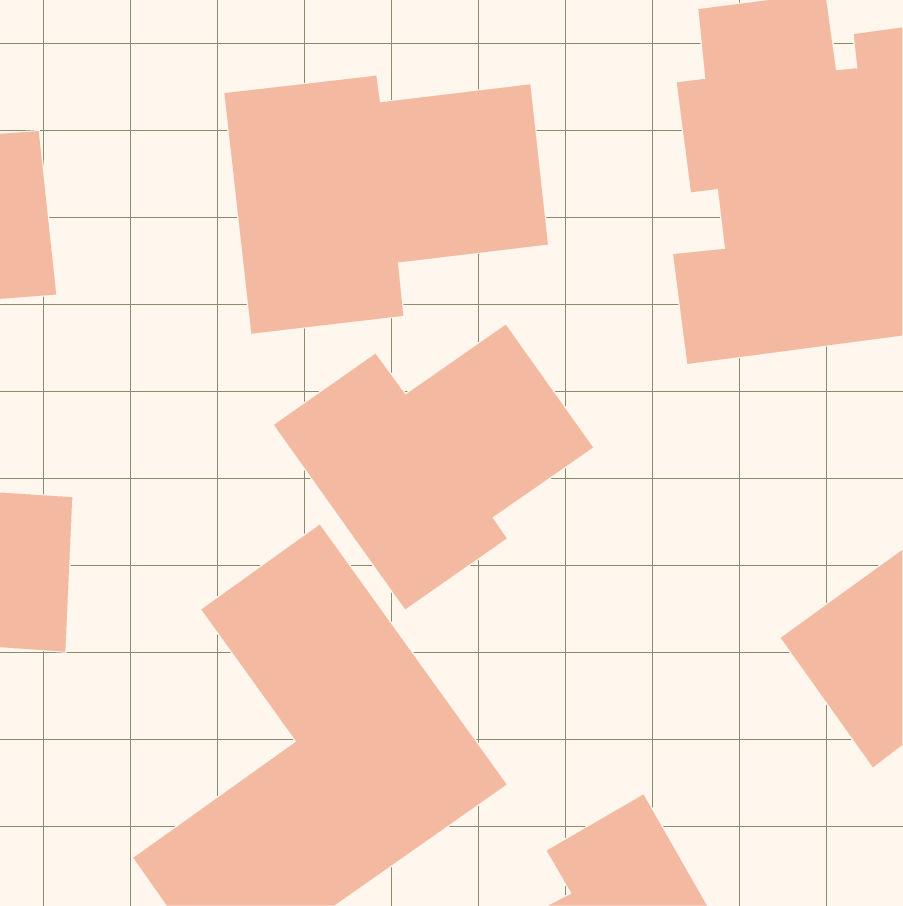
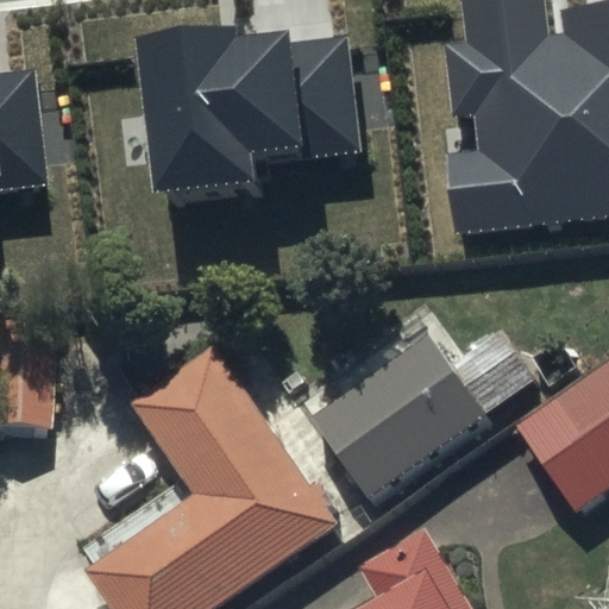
building: [273,324,594,611] -> none
building: none -> [306,325,534,495]

